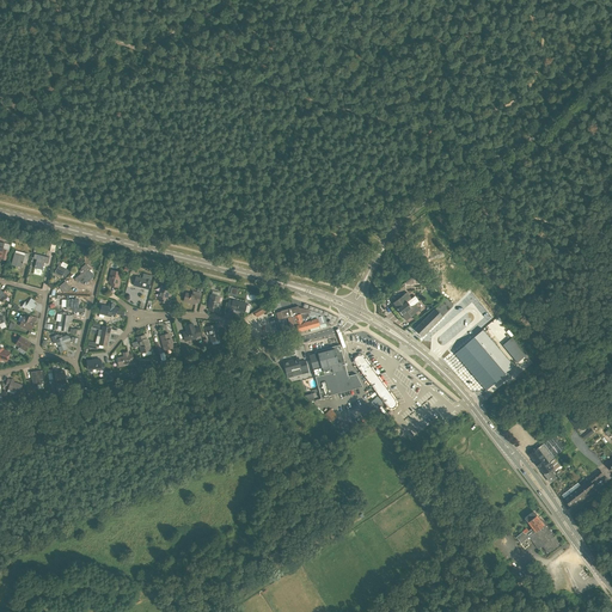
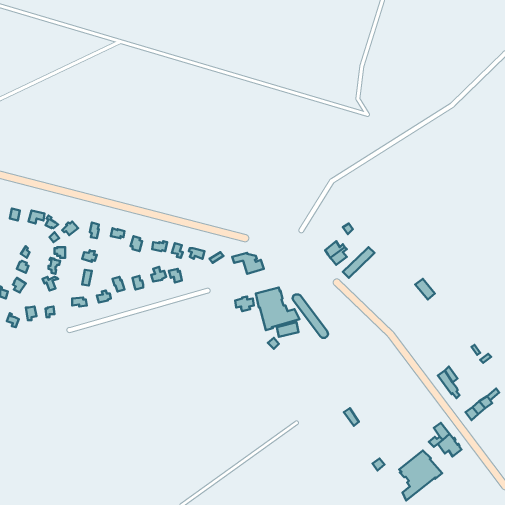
building: [448,314,514,390] -> none
building: none -> [399,450,442,501]

